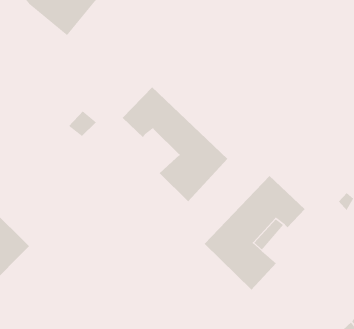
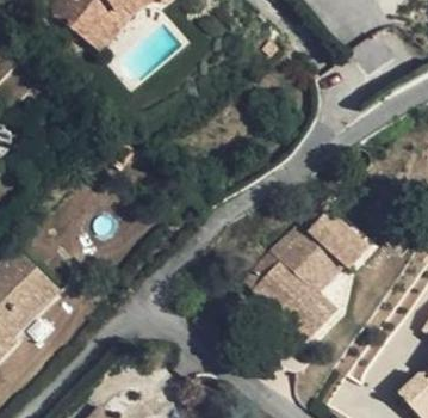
building: [122,87,228,202] -> none

